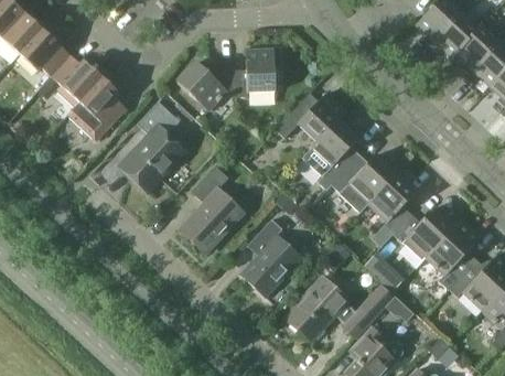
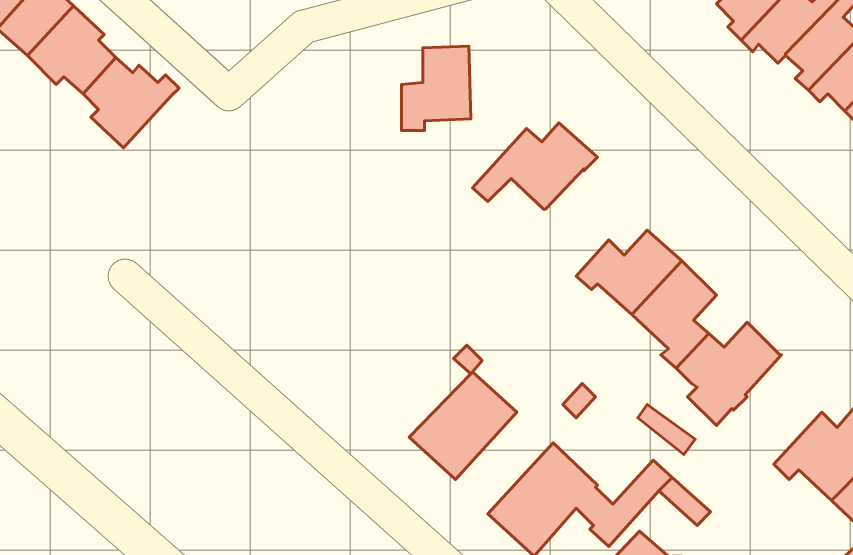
building: [176,61,235,109] -> none
building: [69,72,126,138] -> none
building: [119,100,185,192] -> none
building: [310,118,358,190] -> none
building: [179,165,243,251] -> none
building: [426,216,481,288] -> none

